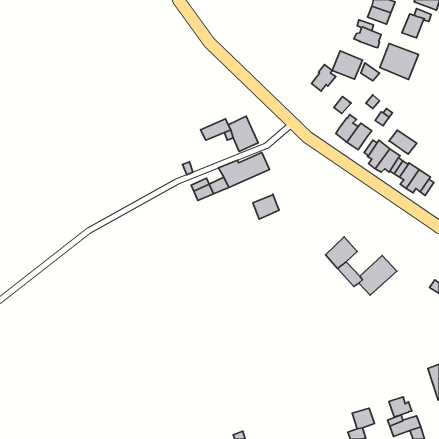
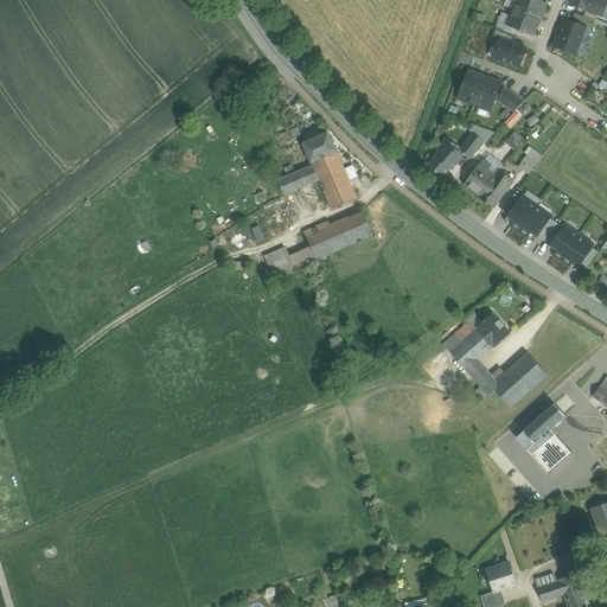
building: [380,44,419,79] -> none
building: [312,65,336,91] -> [428,138,461,174]
building: none -> [301,132,339,172]
building: [389,130,417,154] -> none
building: [253,194,279,219] -> none
building: none -> [474,312,509,346]
building: none -> [518,396,574,466]
building: [389,397,412,417] -> none

